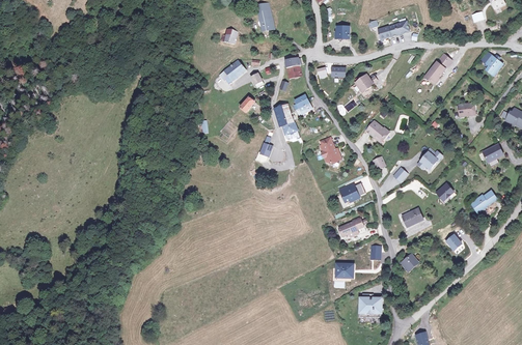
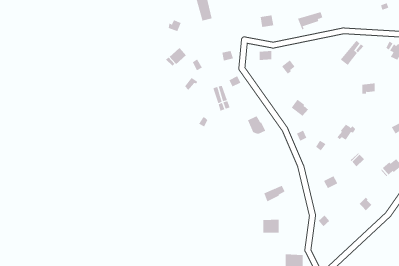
building: [338,180,366,203] -> none

